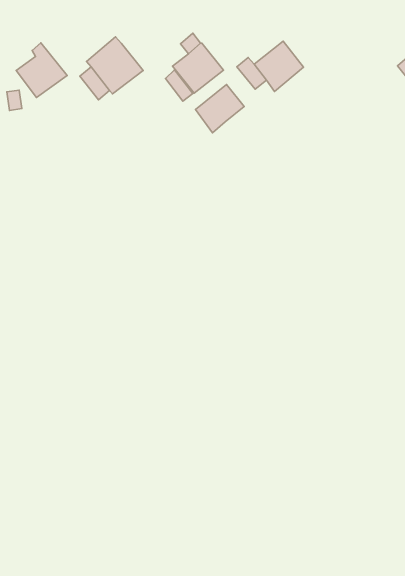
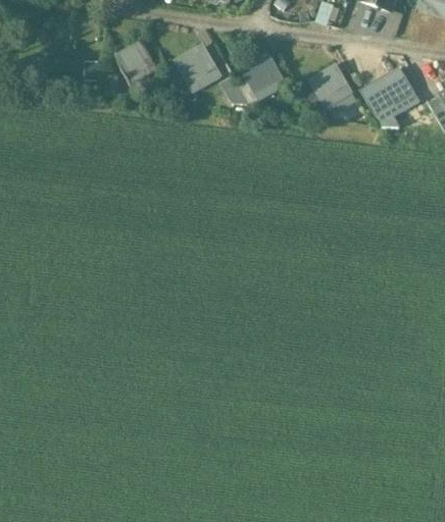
building: none -> [362,69,417,125]
building: [196,85,244,133] -> none

